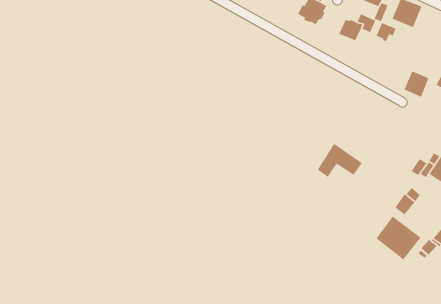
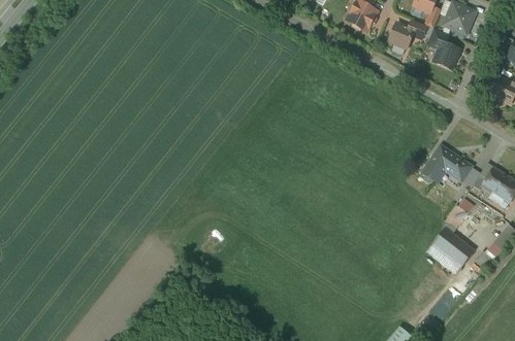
building: [403,71,429,98] -> [432,41,459,69]
building: [317,143,363,178] -> [422,145,470,181]

